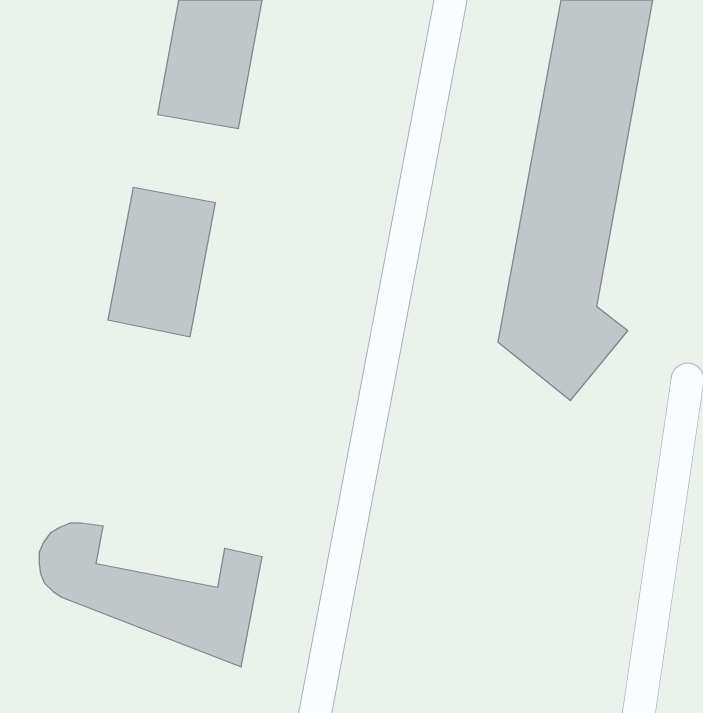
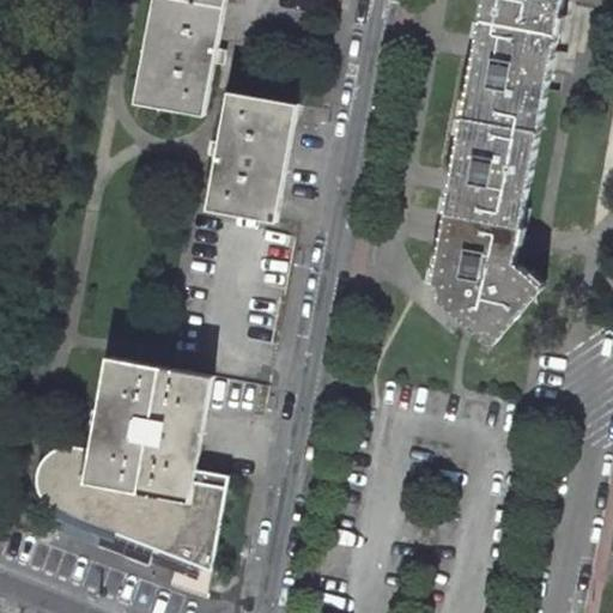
building: [108,187,215,337] -> [206,89,298,217]
building: none -> [83,358,210,504]

